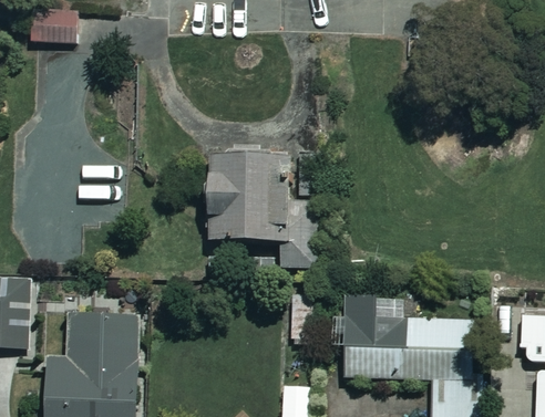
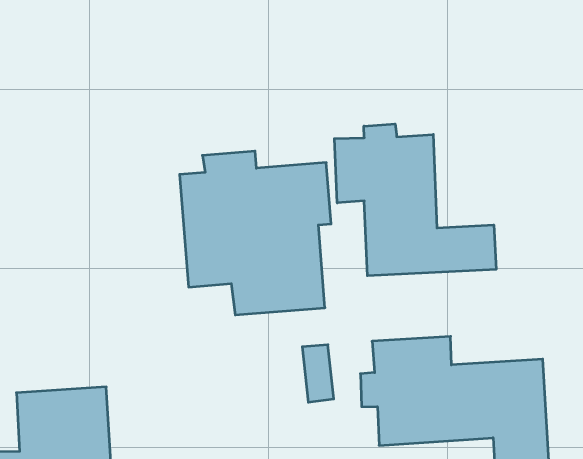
building: none -> [334,124,496,276]

